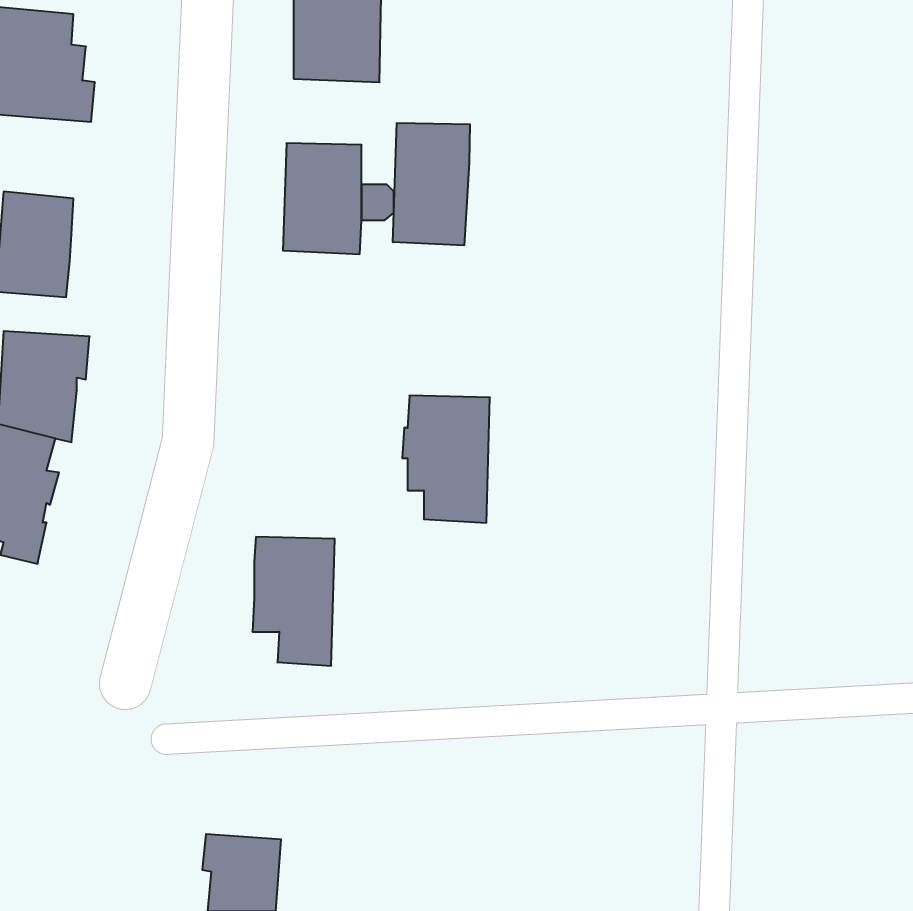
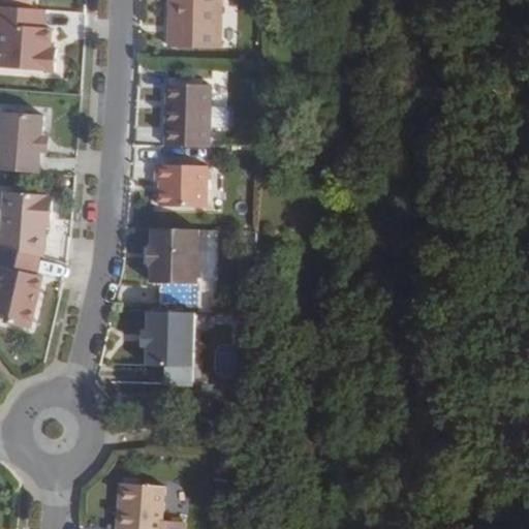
building: [393,123,470,245] -> none
building: none -> [155,164,206,207]
building: [402,396,490,523] -> [147,227,197,301]

